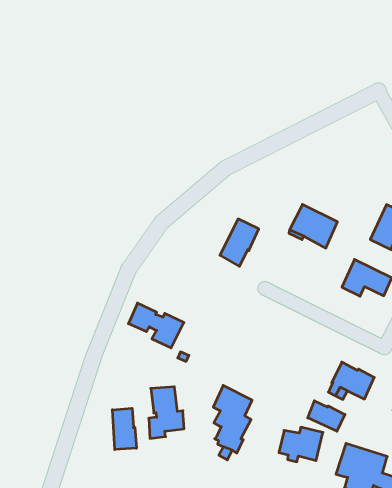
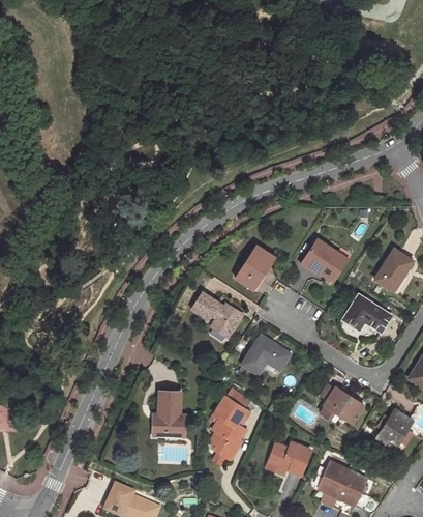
building: [128,303,184,348] -> [191,291,242,336]
building: none -> [242,335,290,373]
building: [308,401,345,431] -> none
building: [112,408,136,450] -> none

